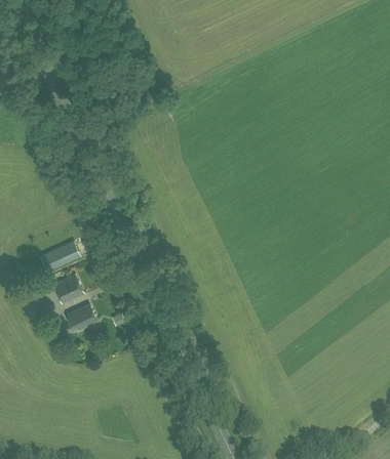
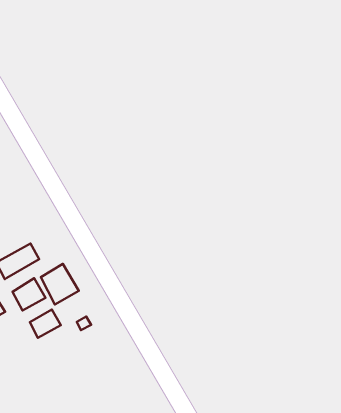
building: none -> [41,264,79,304]

